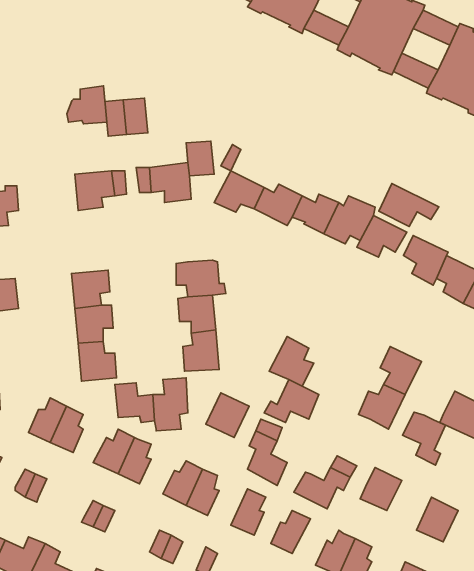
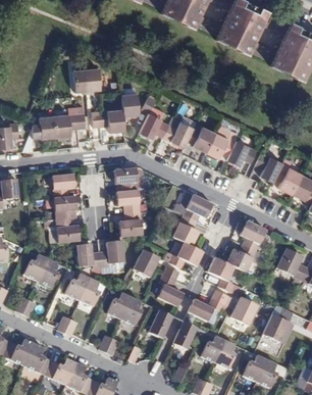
building: [67,86,107,124] -> [31,115,55,139]
building: [379,183,439,227] -> none
building: none -> [184,195,212,223]
building: [402,412,446,465] -> [208,258,235,291]

